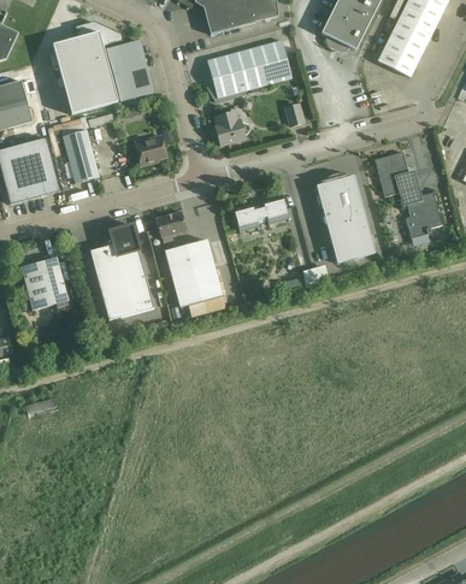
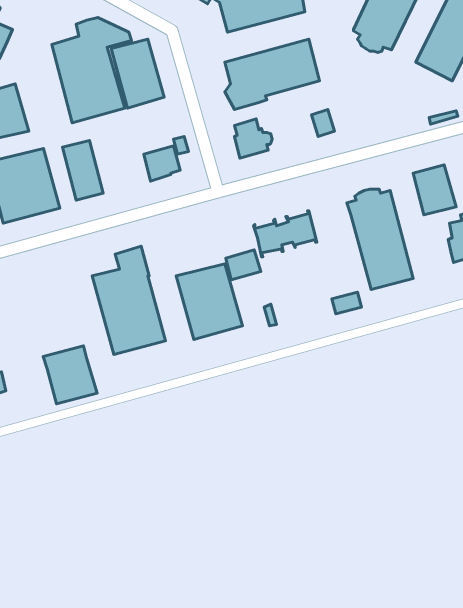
building: [155,211,187,237] -> [226,250,261,280]
building: [20,258,69,309] -> [43,346,97,404]

